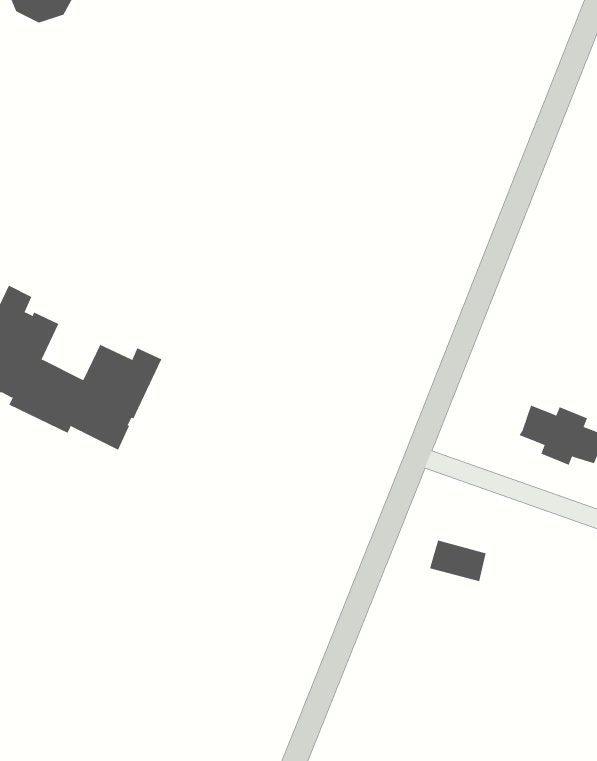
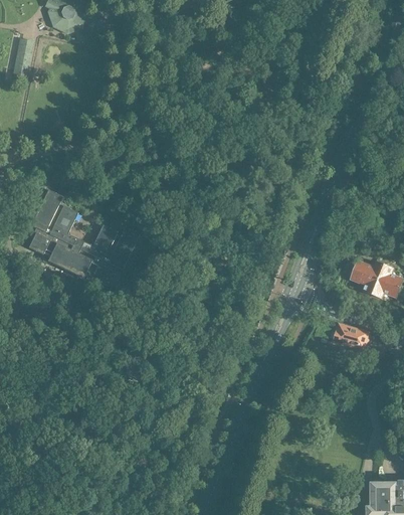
building: [429,540,486,582] -> [334,322,368,347]

